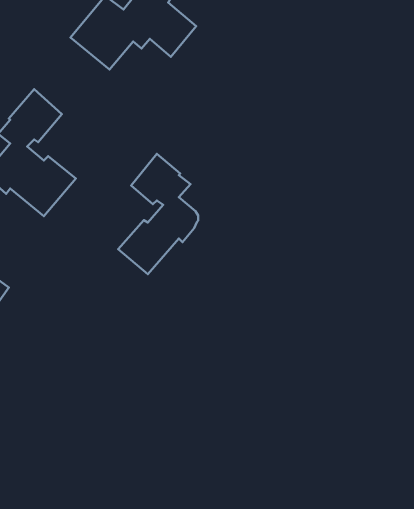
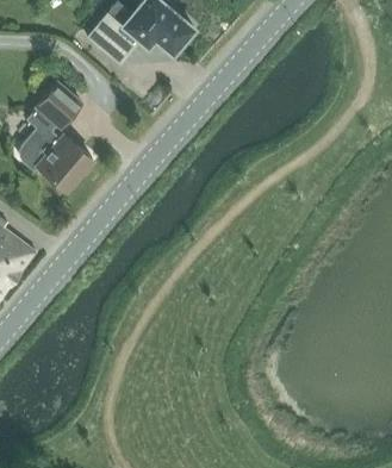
building: [118,154,198,274] -> none

